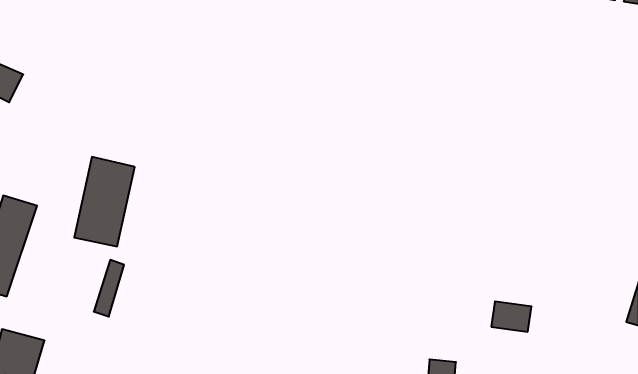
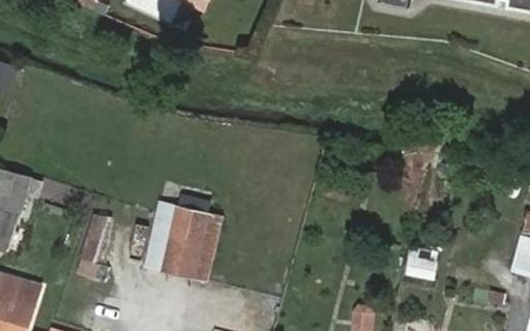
building: [74,157,135,246] -> [160,205,210,278]

